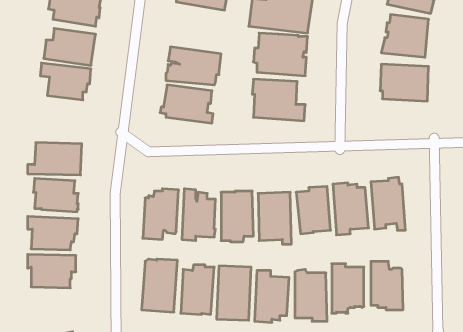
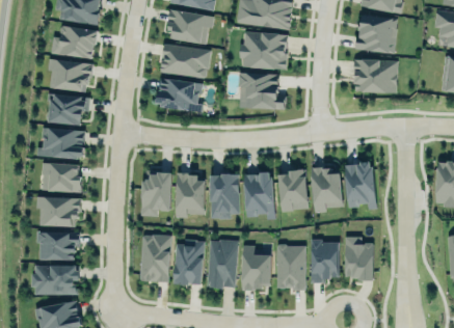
building: none -> [167,9,213,44]
building: none -> [48,93,89,125]
building: none -> [30,266,78,295]

